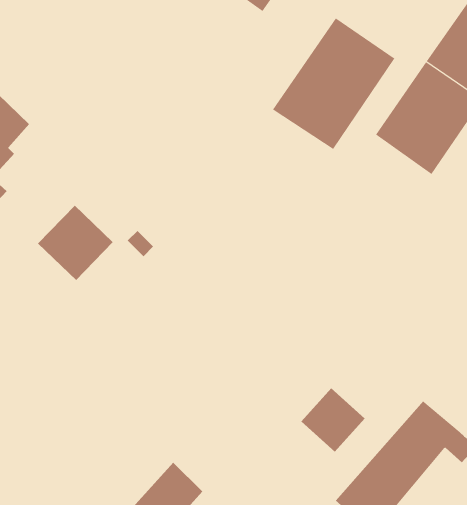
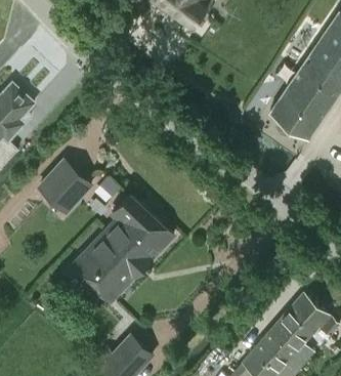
building: [272,17,395,150] -> none
building: none -> [73,194,174,300]
building: [300,388,365,453] -> none

